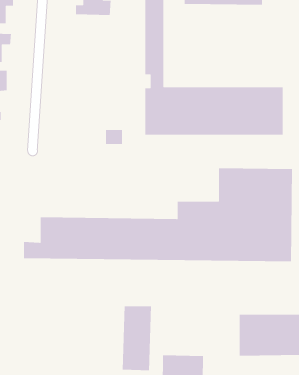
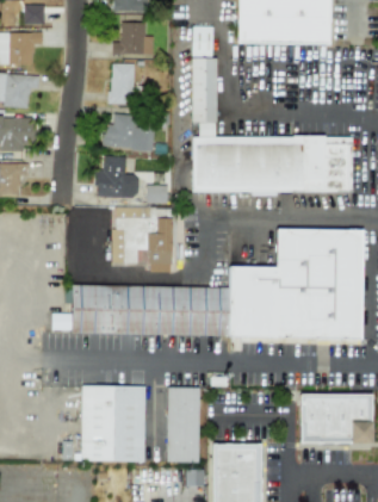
building: none -> [110,63,134,104]
building: none -> [103,116,155,151]
building: none -> [95,156,138,198]
building: none -> [113,207,172,272]
building: none -> [81,386,145,461]

